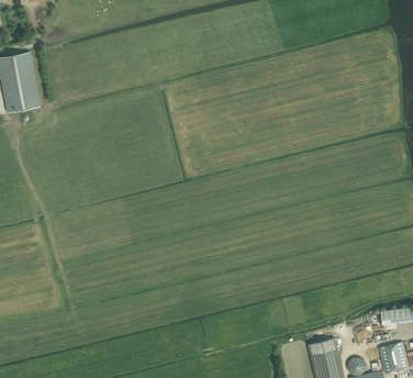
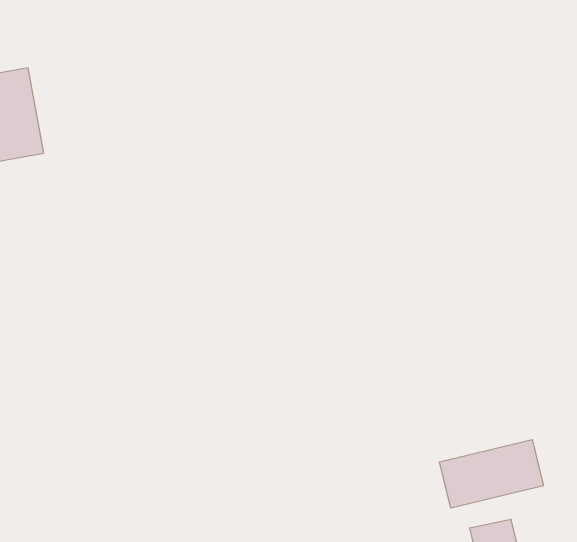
building: none -> [440,440,544,508]

